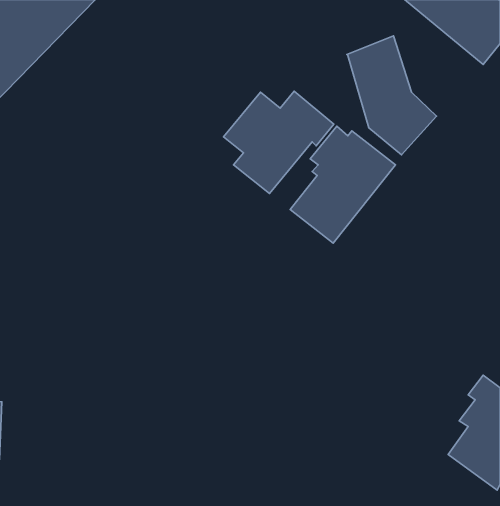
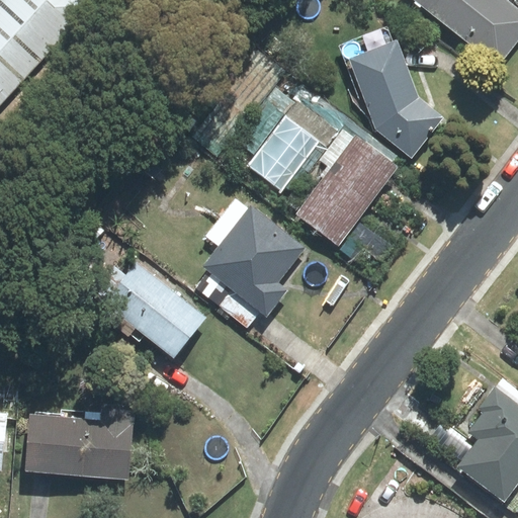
building: none -> [201,193,305,329]
building: none -> [93,259,208,355]
building: none -> [28,407,136,480]

